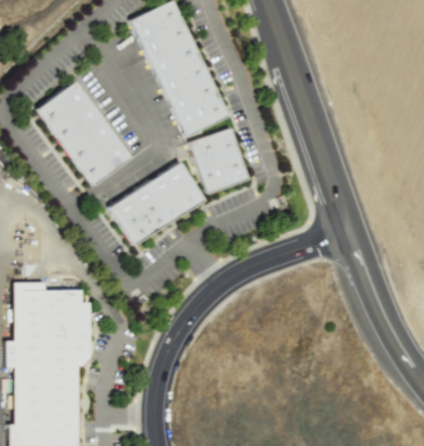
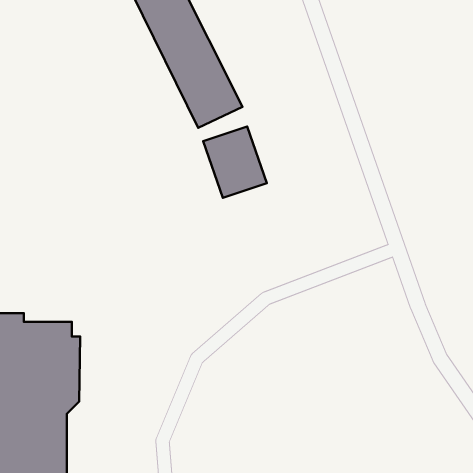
building: [38,82,127,180] -> none
building: [110,162,203,244] -> none

